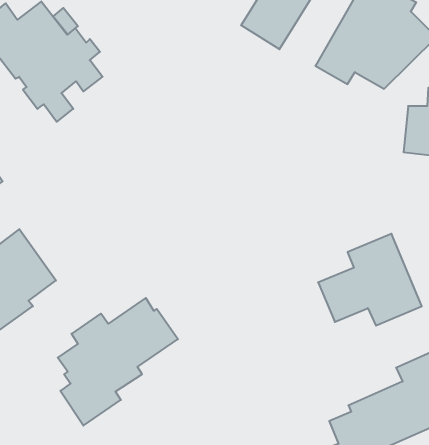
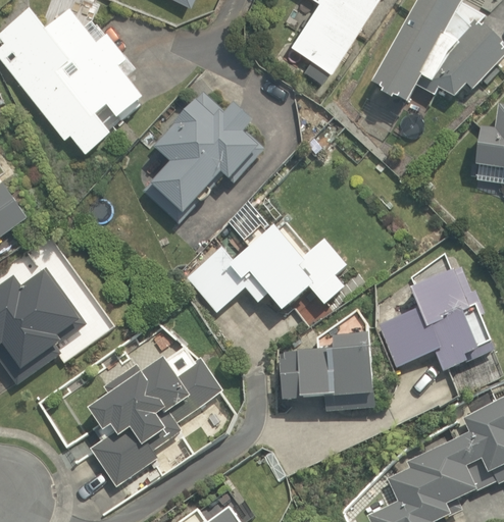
building: none -> [142,90,262,221]
building: none -> [187,221,349,309]
building: none -> [283,336,372,408]

